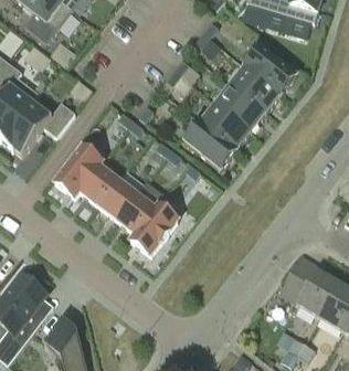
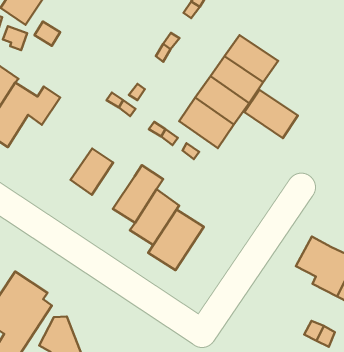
building: [245,46,295,93] -> [244,90,298,138]
building: [54,147,101,197] -> none
building: [97,177,138,220] -> none
building: none -> [148,210,204,270]

